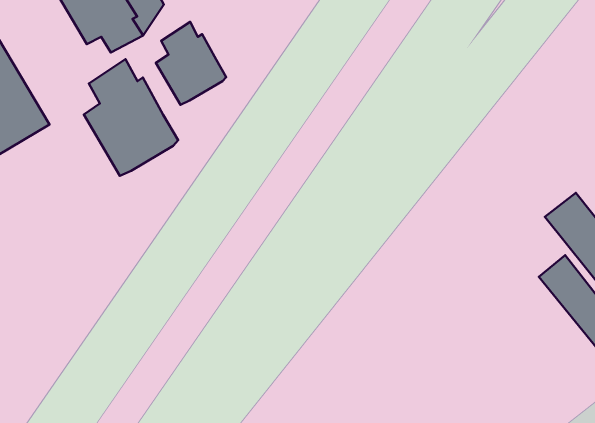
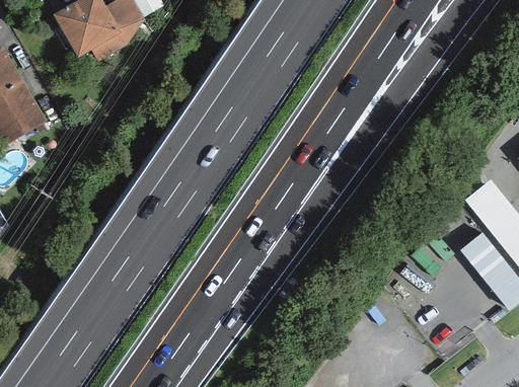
building: [156,22,226,105] -> none
building: [84,59,178,176] -> none

